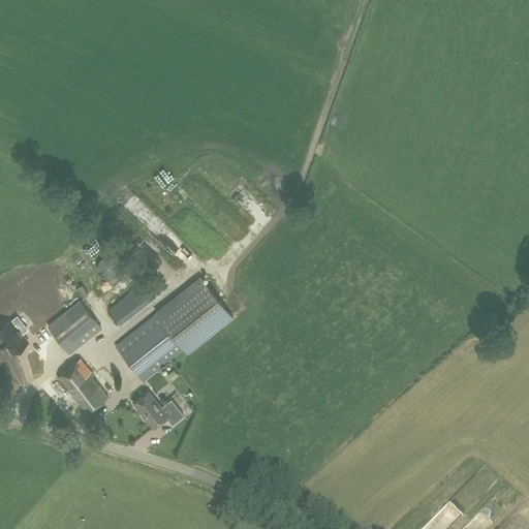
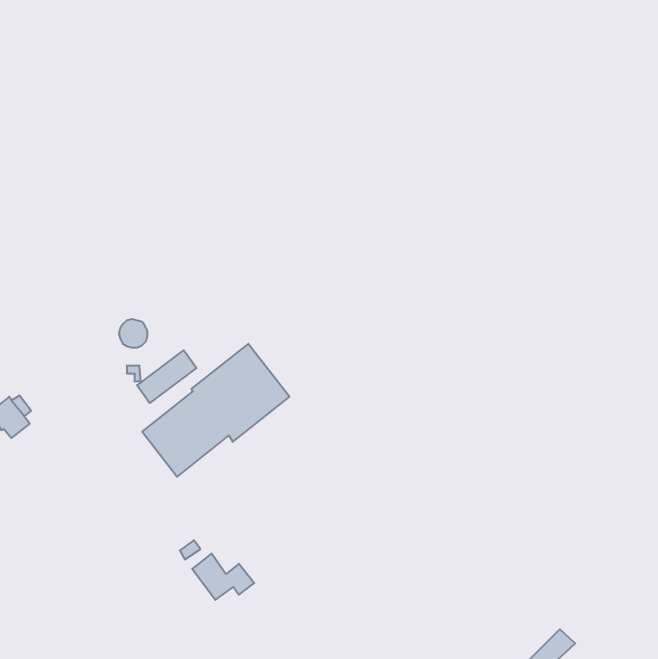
building: [46,302,99,353] -> none
building: [56,357,111,415] -> none
building: [132,392,182,429] -> [192,553,254,600]

